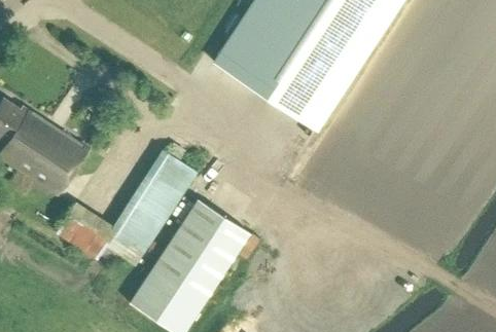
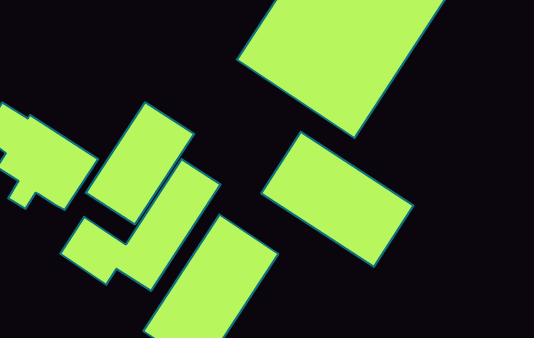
building: none -> [86,102,194,224]
building: none -> [261,132,413,267]

